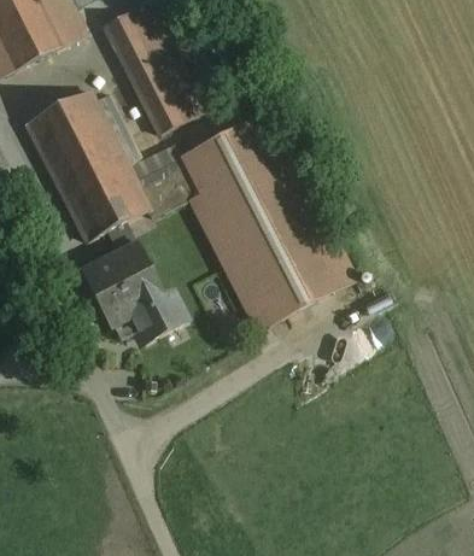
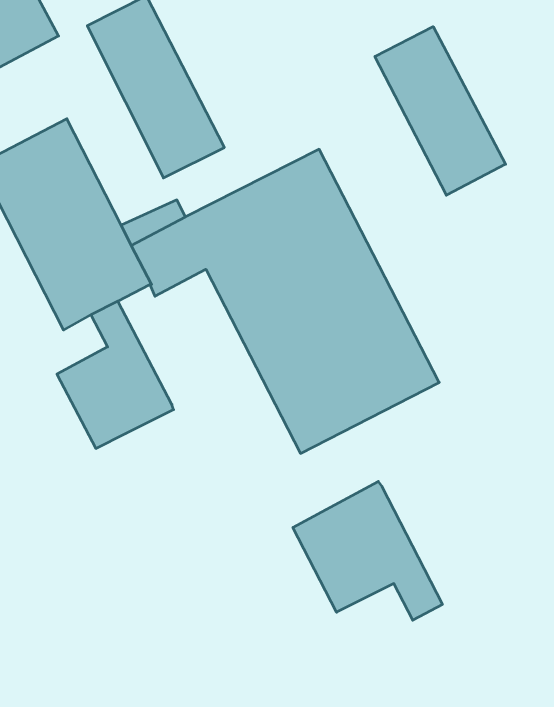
building: none -> [375,27,506,195]
building: [130,291,185,341] -> none
building: none -> [293,481,442,620]

